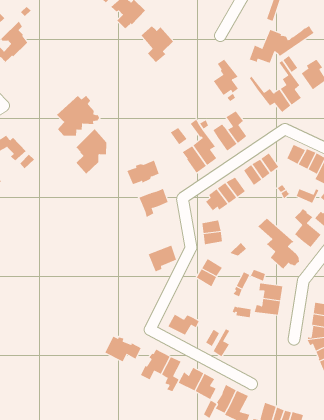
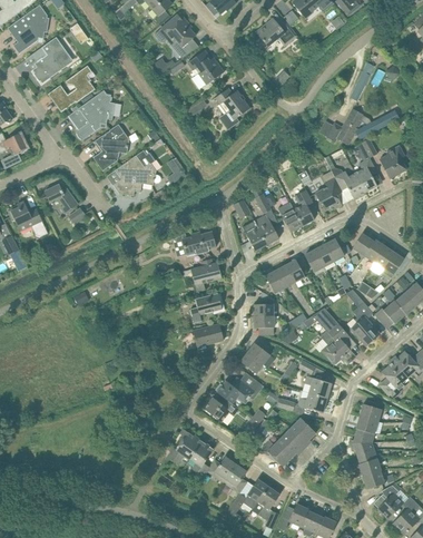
building: none -> [68,89,115,139]
building: [213,59,239,96] -> [315,170,343,209]
building: [74,128,107,174] -> [92,123,129,170]
building: none -> [190,292,223,323]
building: none -> [216,372,260,403]
building: none -> [262,418,316,466]
building: [105,336,141,362] -> none

